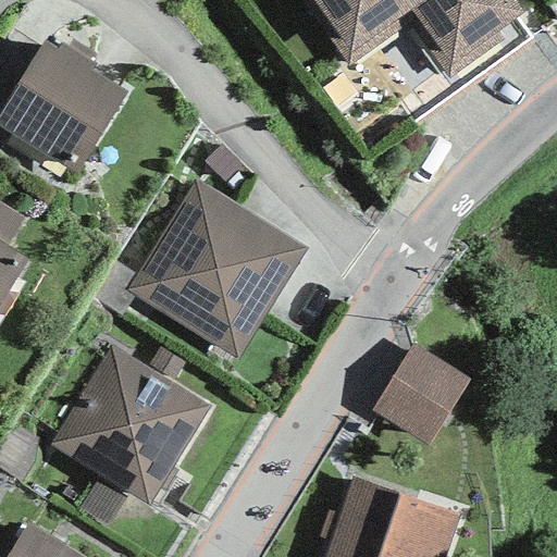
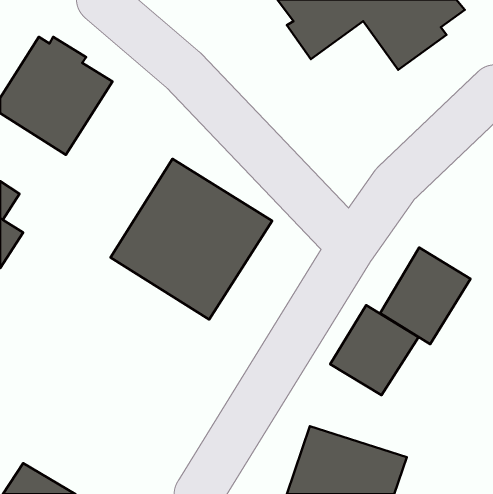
building: none -> [380,247,470,344]
building: [51,345,212,506] -> none

